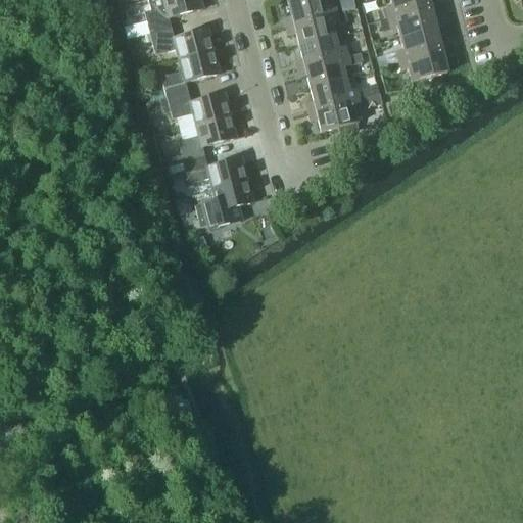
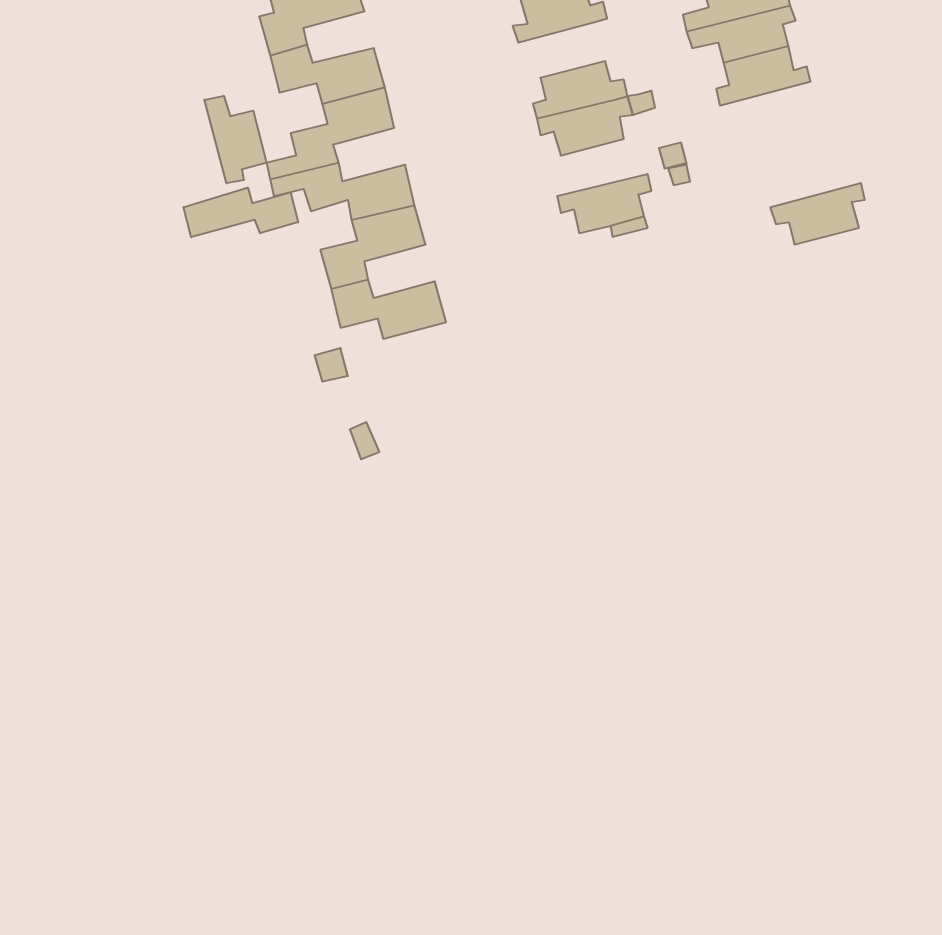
building: [288,10,340,43] -> none
building: [399,45,451,79] -> [770,183,865,244]
building: none -> [204,96,266,183]
building: [307,75,360,108] -> none
building: none -> [183,188,298,237]
building: [196,178,253,227] -> none

